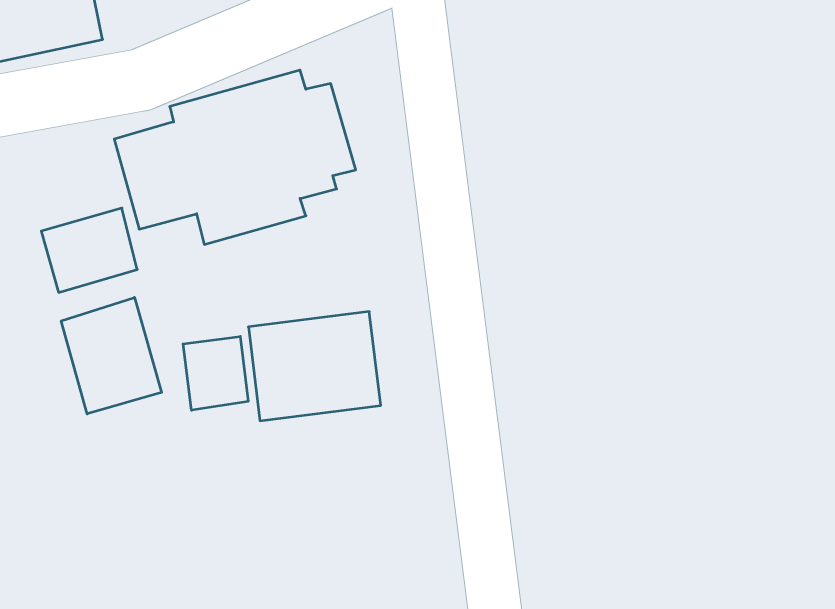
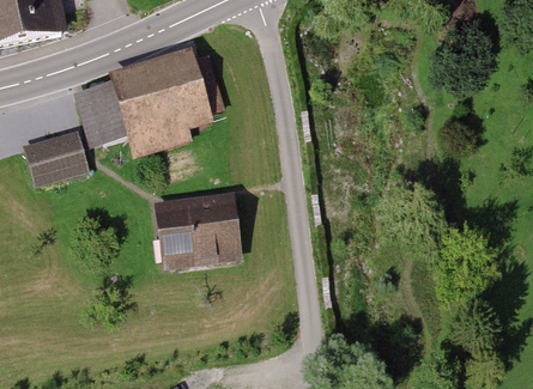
building: [61,297,162,414] -> none
building: [183,336,248,410] -> none

